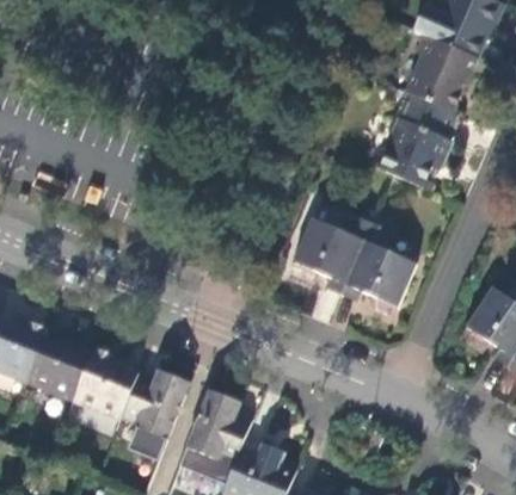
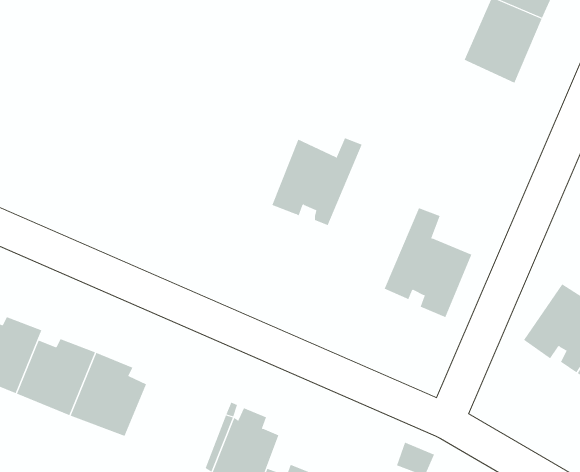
building: [386,95,460,187] -> none
building: [290,216,369,292] -> [272,138,363,226]
building: [116,370,185,439] -> none

